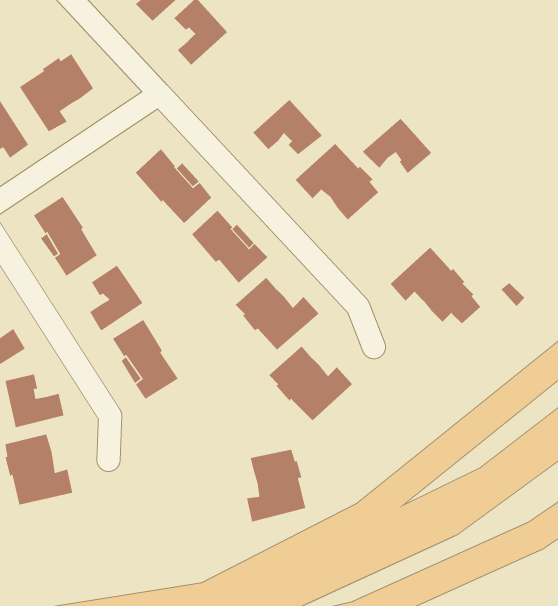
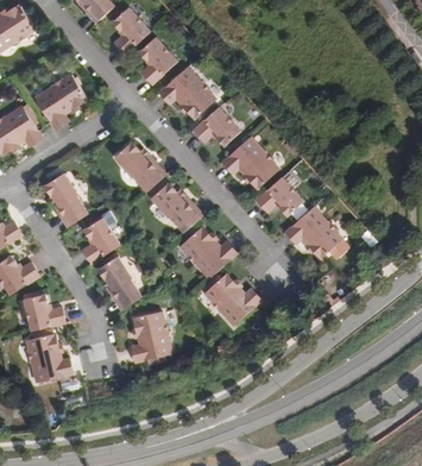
building: none -> [158,67,215,119]
building: [362,118,432,174] -> [256,177,303,215]
building: [246,449,306,523] -> [130,313,170,363]

